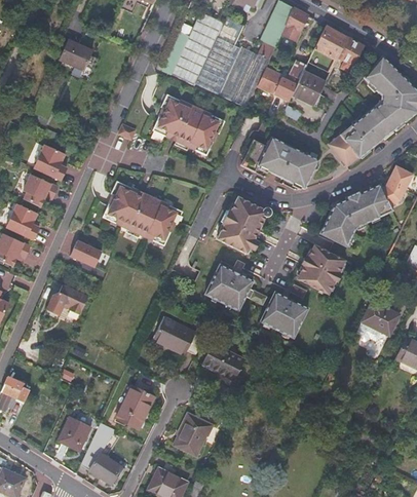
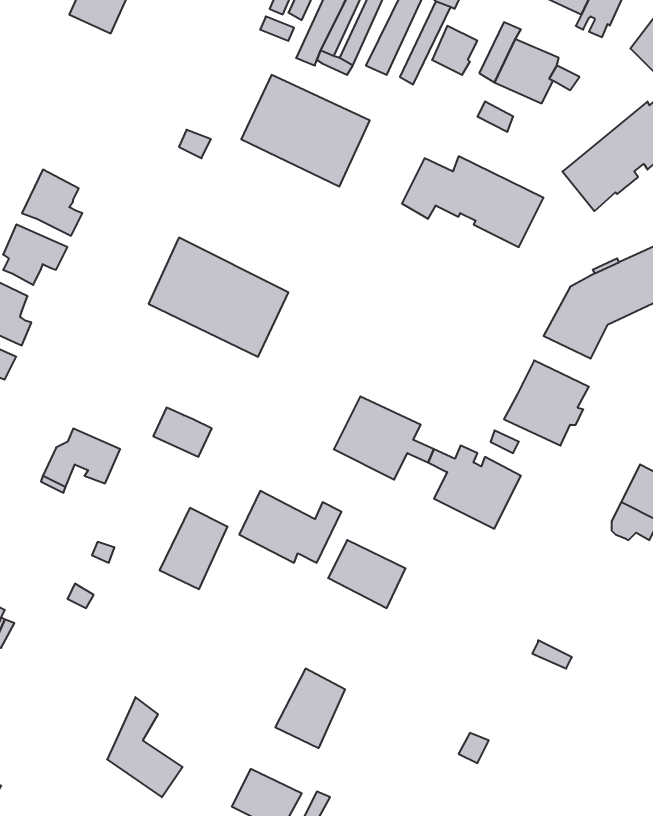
building: [216,198,269,255] -> none
building: [71,240,103,267] -> [153,408,212,457]
building: [116,386,153,430] -> [160,508,228,589]
building: [58,423,87,452] -> none

